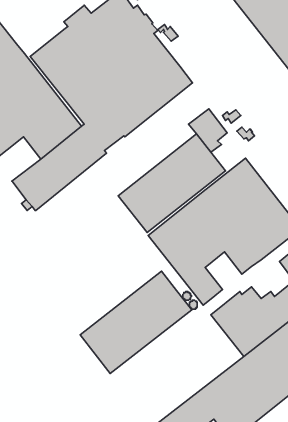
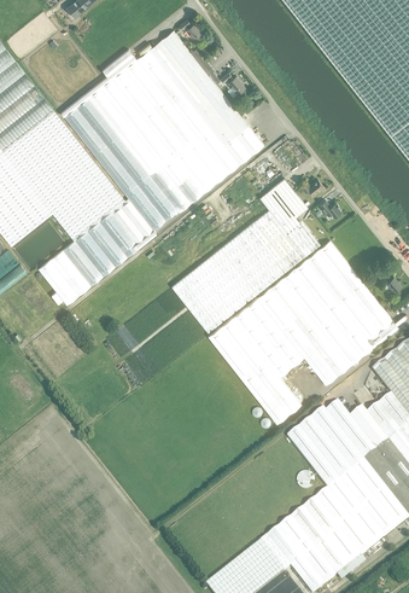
building: [80,271,192,373] -> none

